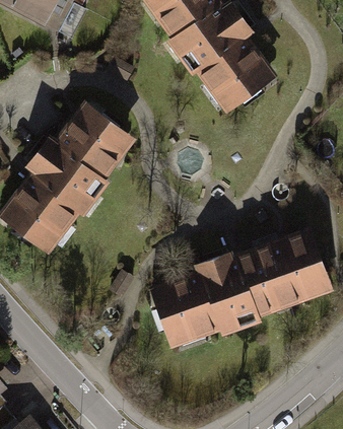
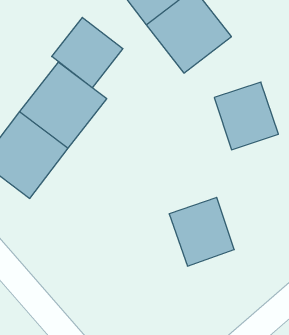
building: none -> [52,17,123,88]
building: [259,232,330,307] -> [214,82,278,150]
building: [154,268,226,343] -> none

